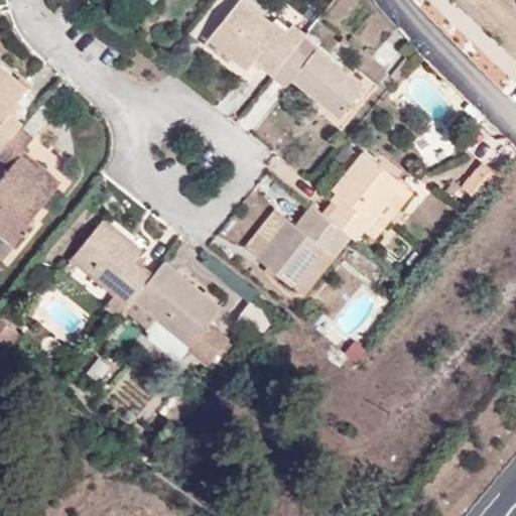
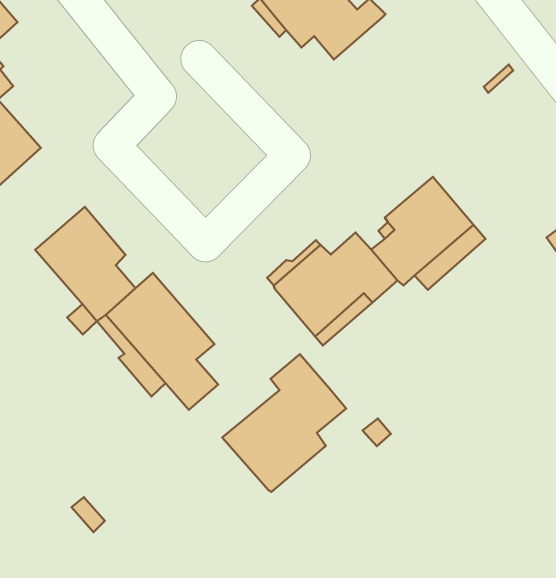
building: [273,37,363,118] -> none
building: none -> [222,354,346,492]

